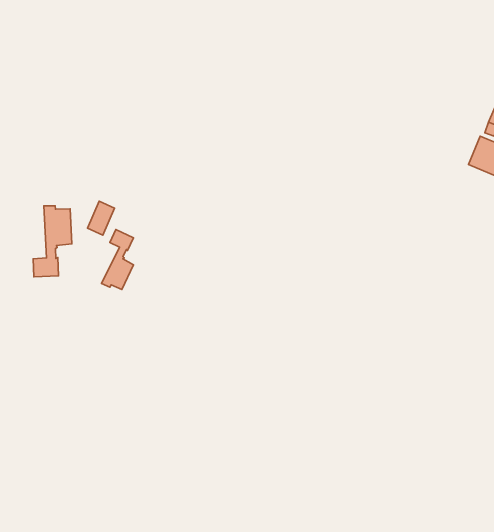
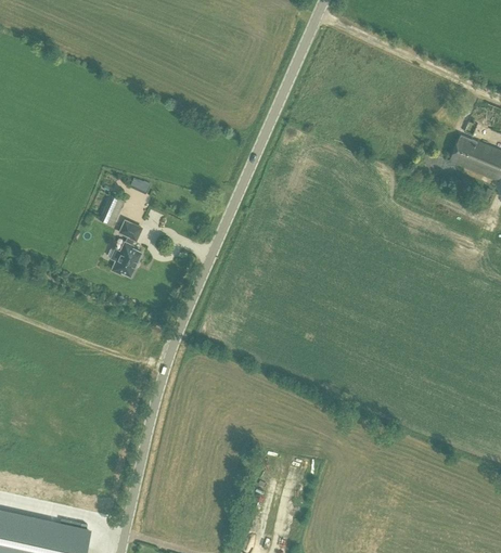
building: [33,206,72,277] -> none

